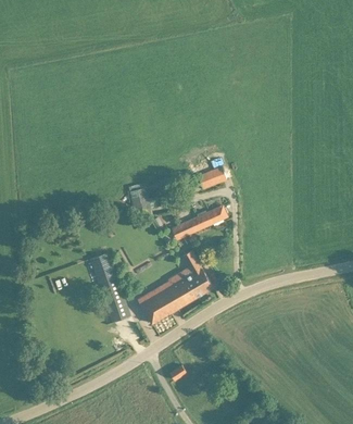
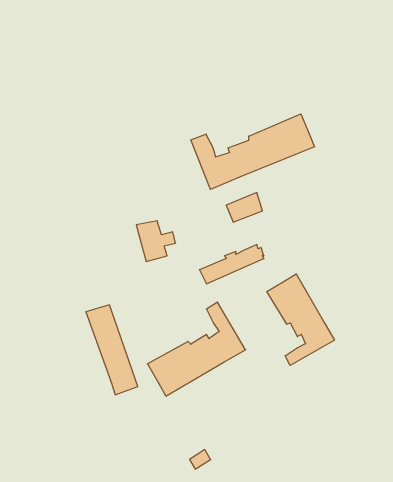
building: none -> [191,114,315,189]
building: none -> [267,274,335,365]

